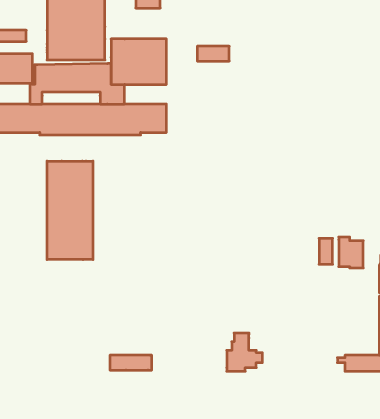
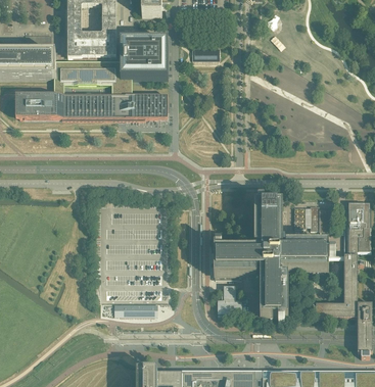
building: [47,161,93,260] -> none
building: none -> [214,202,327,316]

